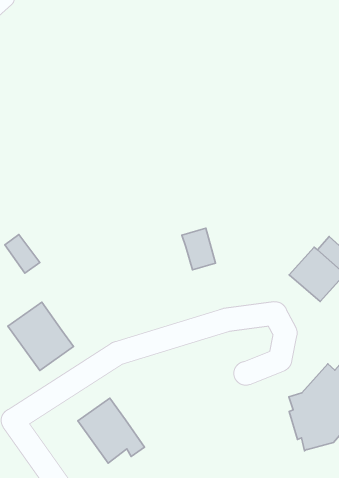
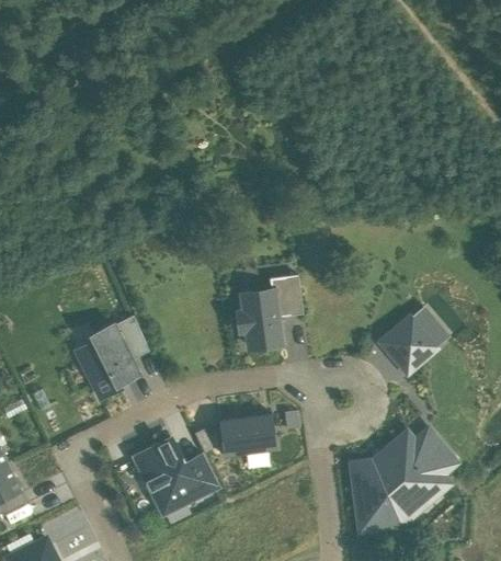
building: [5,234,40,273] -> [114,319,148,360]
building: none -> [237,293,281,348]
building: none -> [218,414,274,457]
building: none -> [183,455,218,496]

